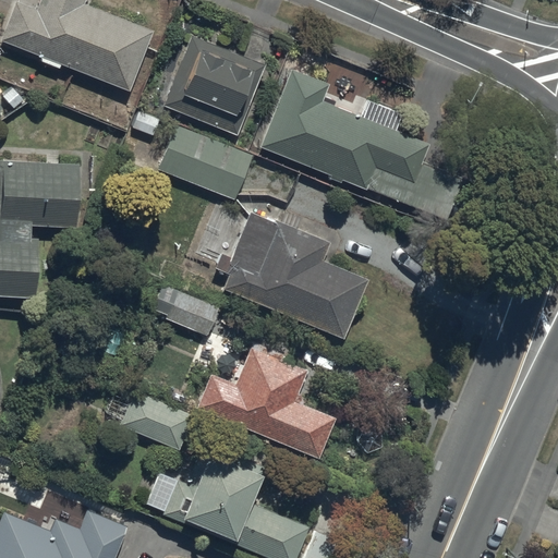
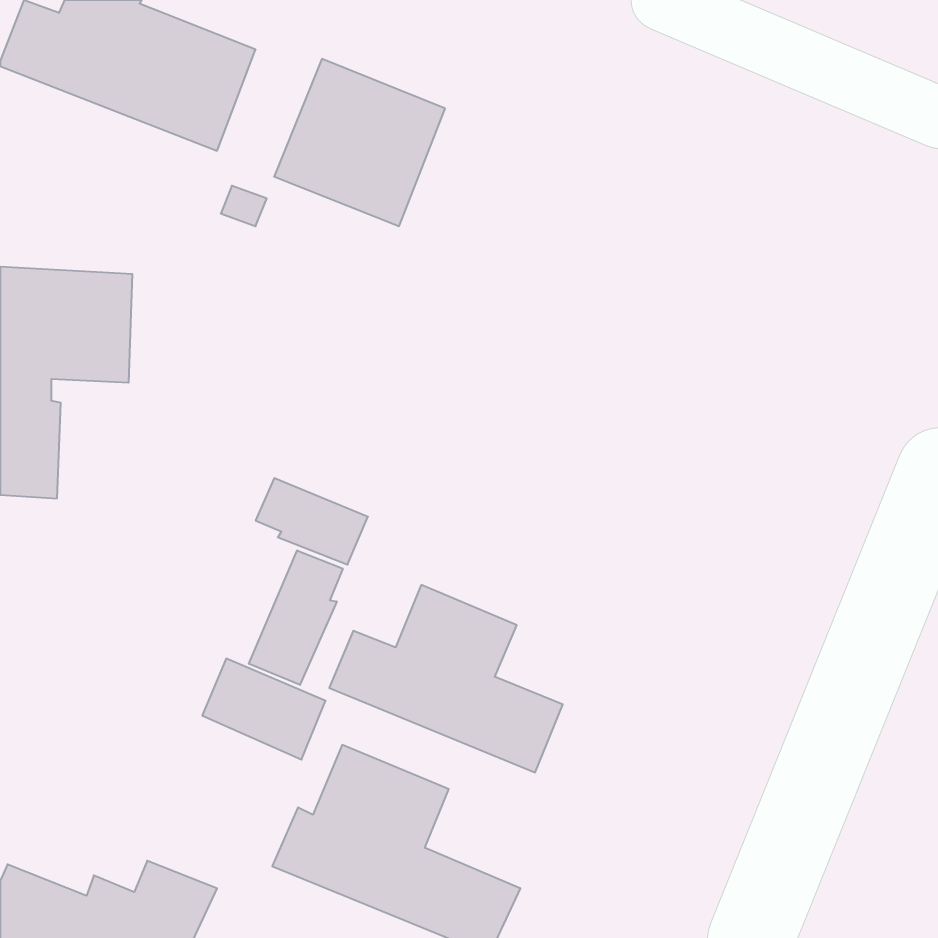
building: [259,69,428,190] -> none
building: [158,125,253,199] -> none
building: [223,211,368,339] -> none
building: none -> [249,550,343,685]

